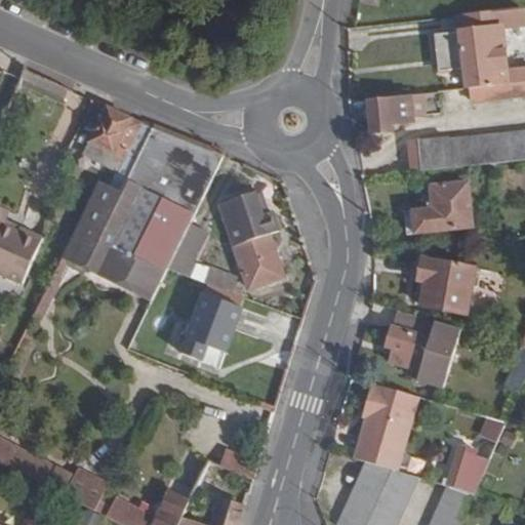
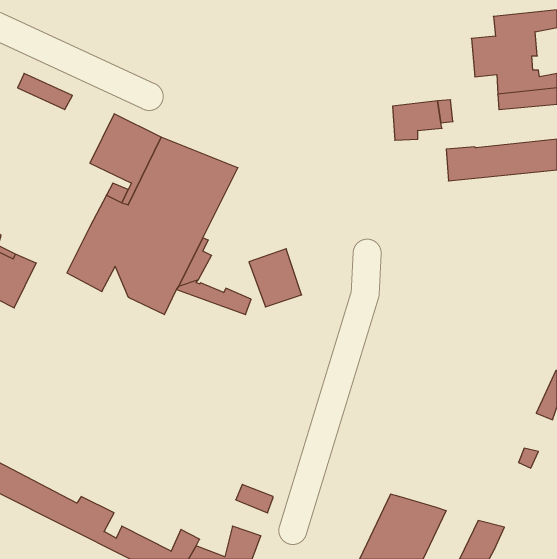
building: [406,184,470,235] -> none
building: [218,193,278,245] -> none
building: [417,260,472,314] -> none
building: [183,295,240,366] -> none
building: [387,311,459,387] -> none
building: [354,385,418,472] -> none
building: [448,442,488,492] -> none

